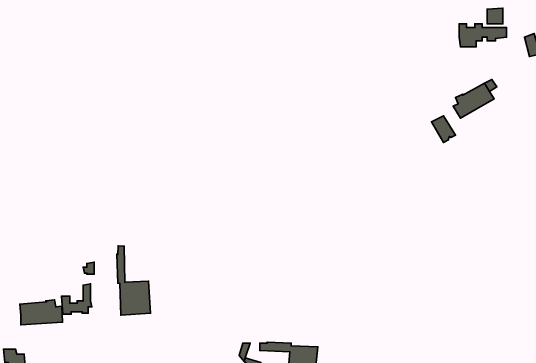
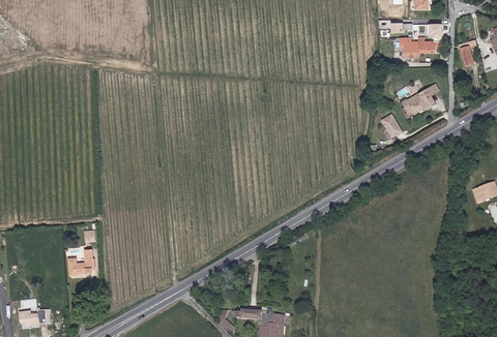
building: [117,246,150,315] -> none
building: [20,300,62,325] -> none

